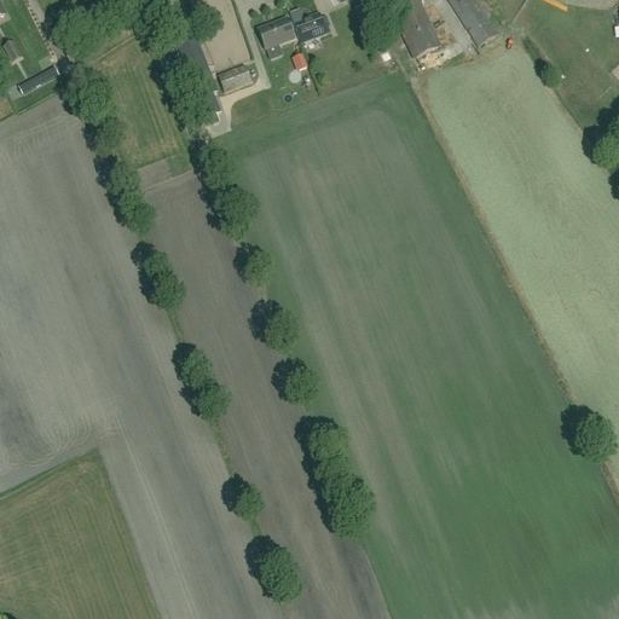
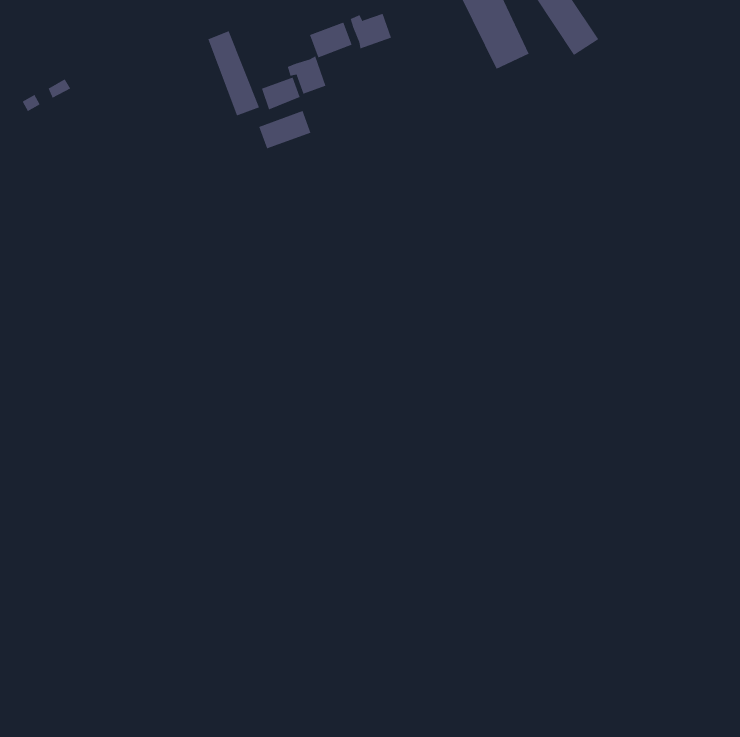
building: none -> [287,56,326,95]
building: none -> [259,110,311,149]

